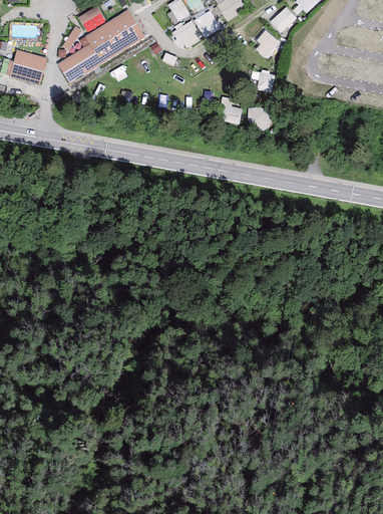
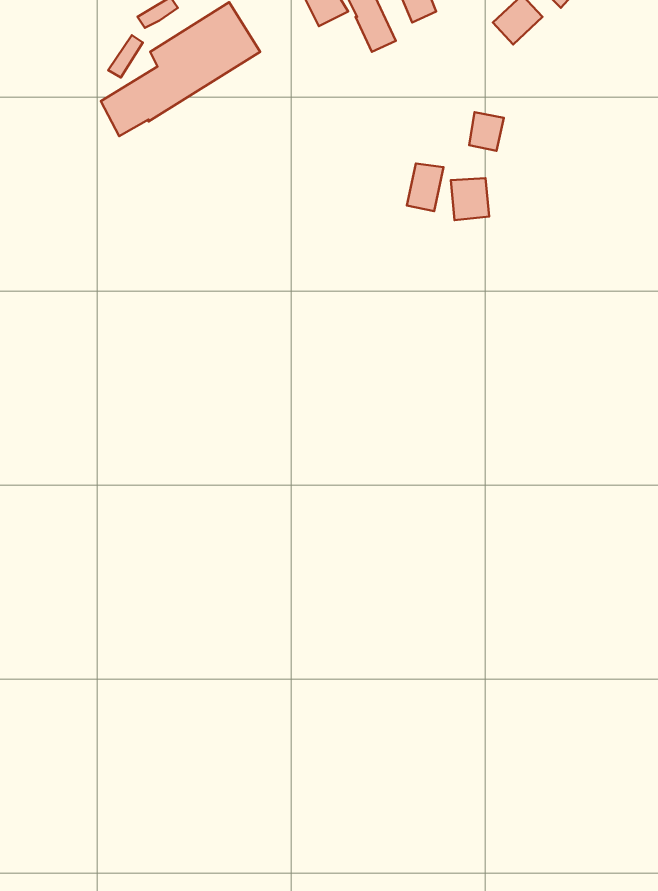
building: [173,20,203,49] -> none
building: [257,29,282,58] -> none
building: [8,51,44,85] -> none

